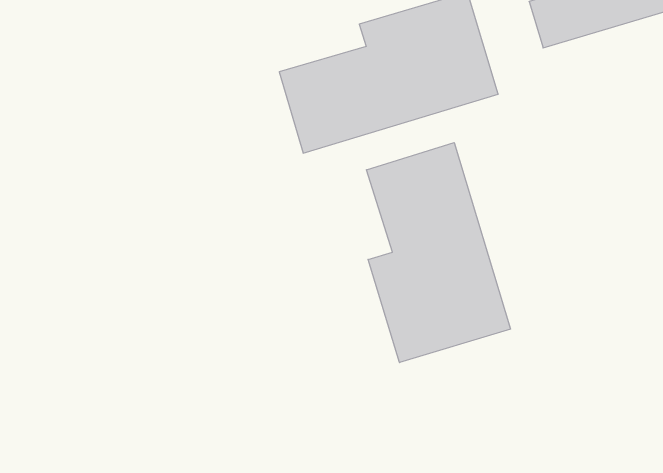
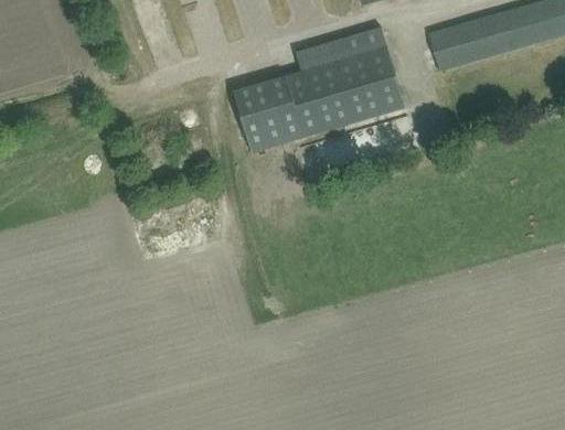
building: [366,143,511,363] -> none

